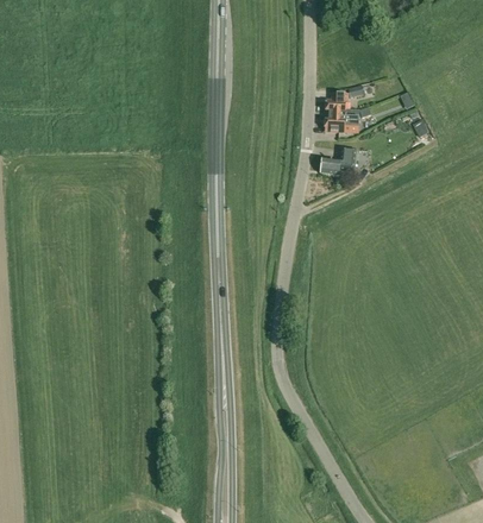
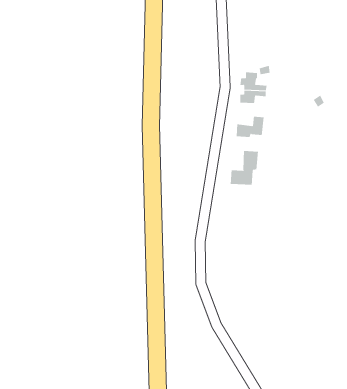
building: none -> [230,150,259,186]

